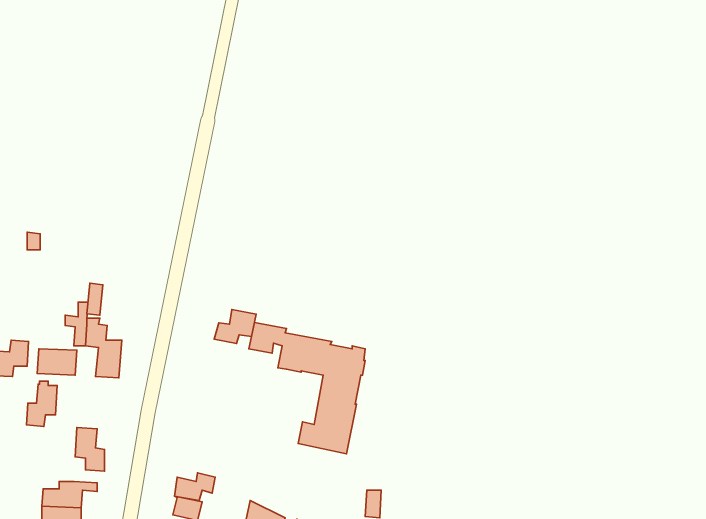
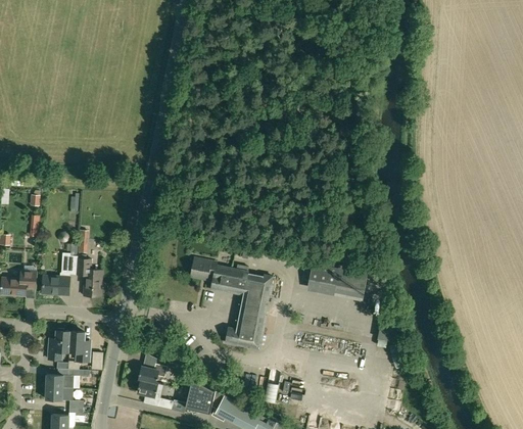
building: [214,309,256,344] -> none
building: none -> [307,264,368,290]
building: [26,381,57,426] -> [48,329,69,361]

